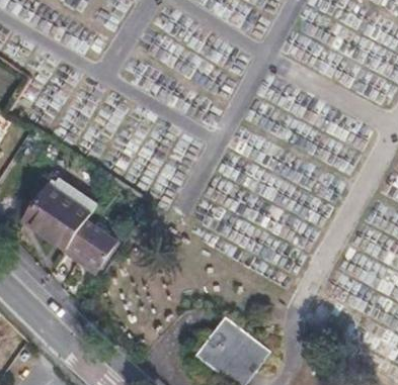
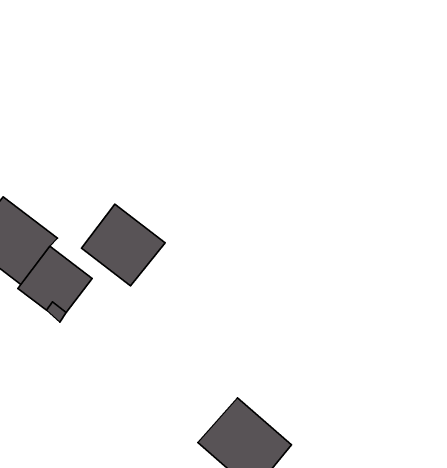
building: none -> [82,204,165,286]

